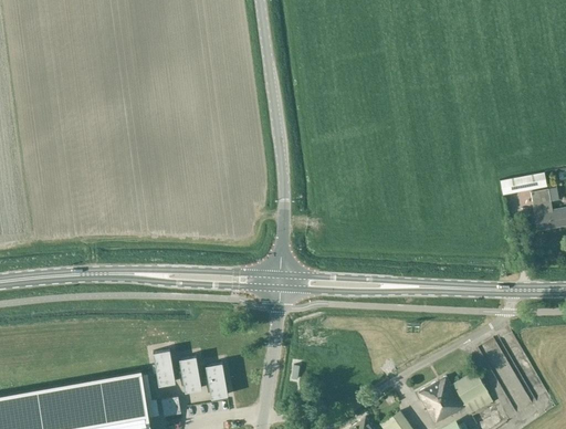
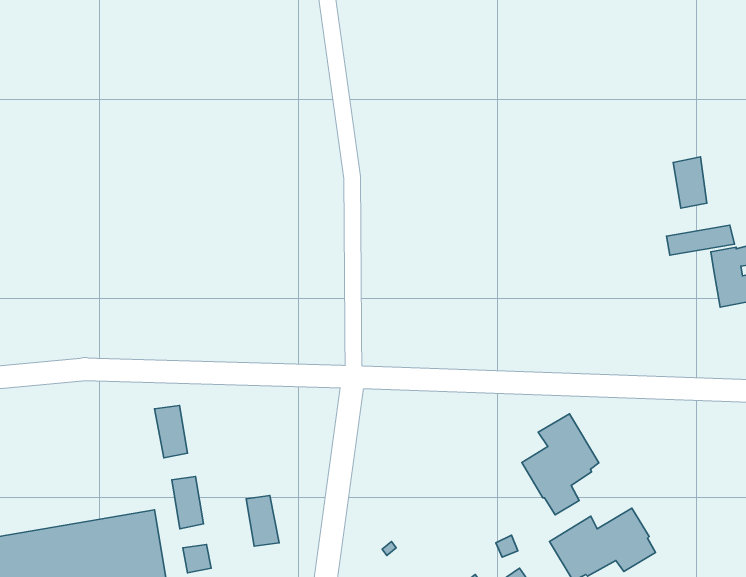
building: none -> [673,157,707,208]
building: none -> [522,414,599,515]
building: [179,357,202,394] -> [154,406,188,458]

